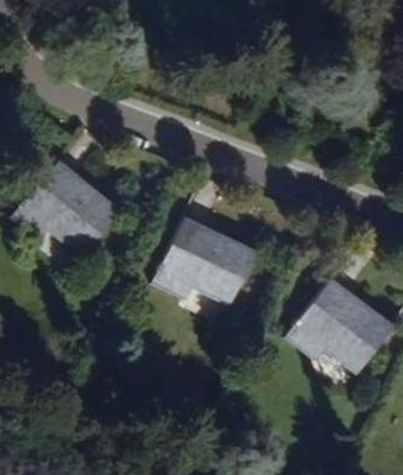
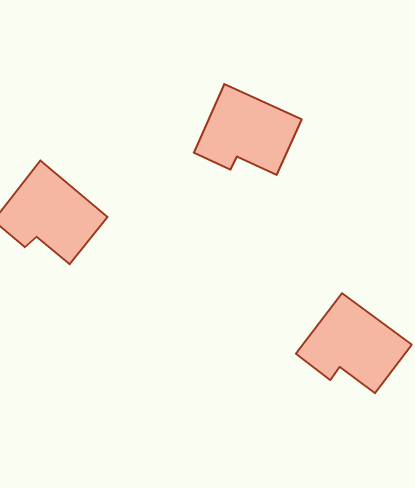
building: [156,220,253,302] -> [194,84,302,175]

